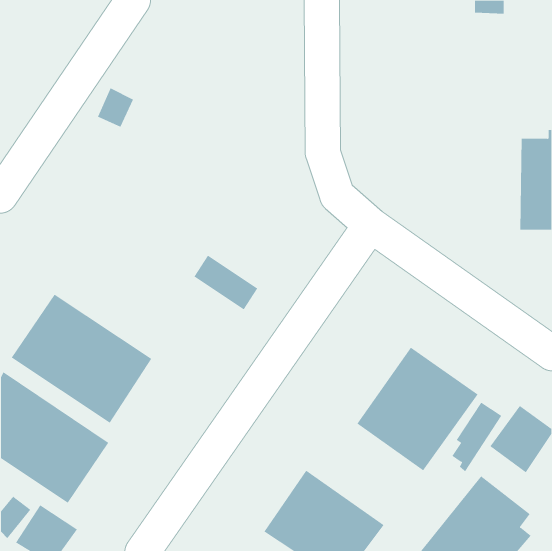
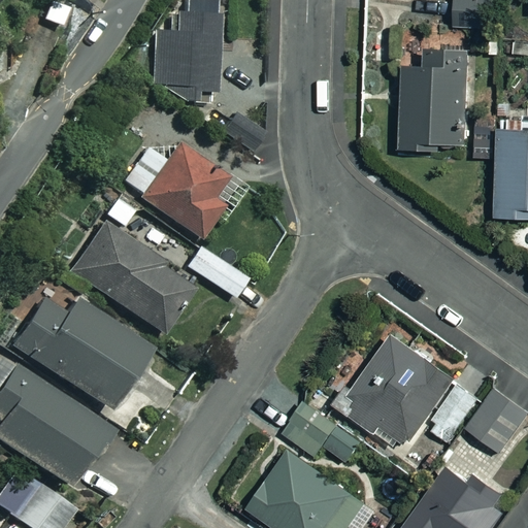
building: none -> [151,9,218,89]
building: none -> [401,53,464,154]
building: none -> [121,138,250,236]
building: none -> [72,223,193,330]
building: none -> [286,400,364,461]

